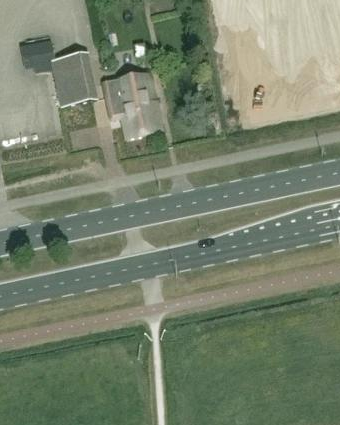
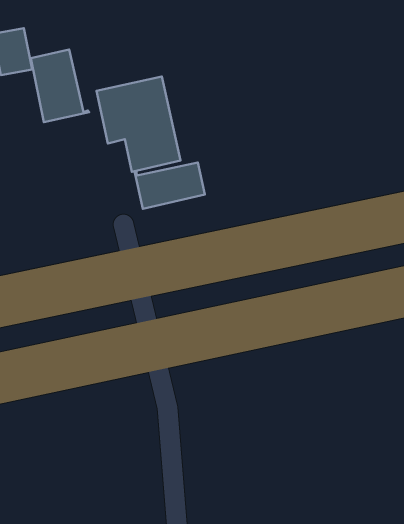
building: none -> [135,162,205,209]

